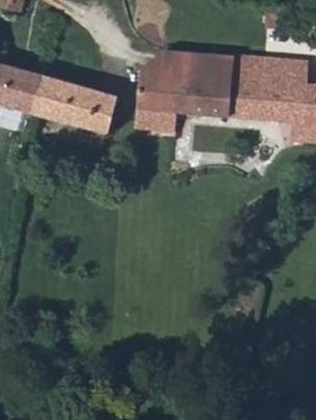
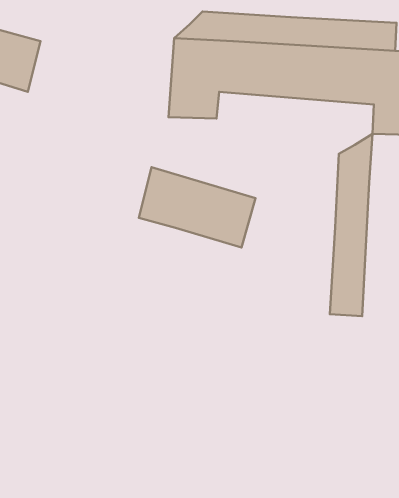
building: [33,74,119,133] -> [139,167,256,247]
building: none -> [330,134,373,316]

